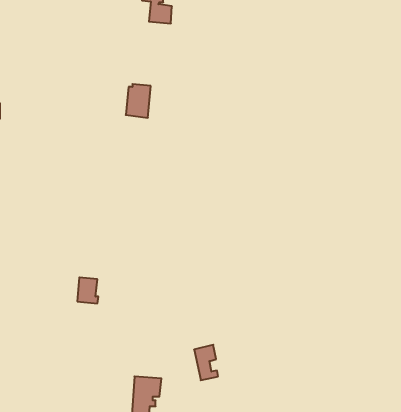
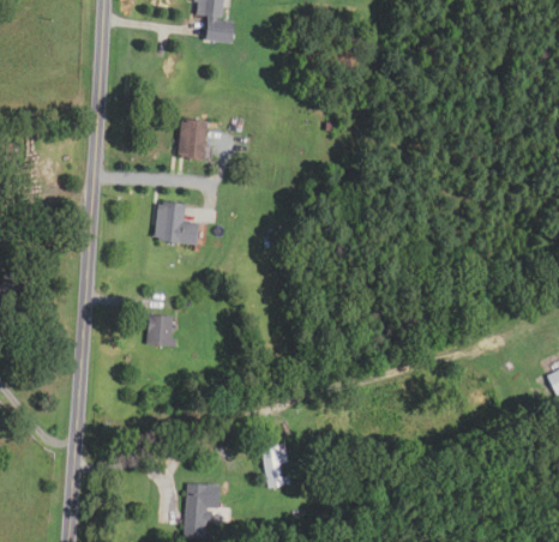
building: none -> [154,201,198,245]
building: [77,277,98,303] -> [149,314,175,347]

